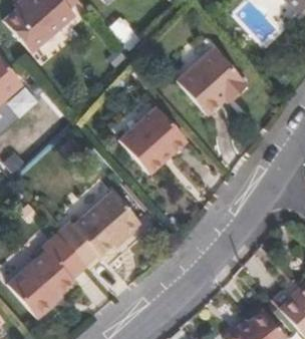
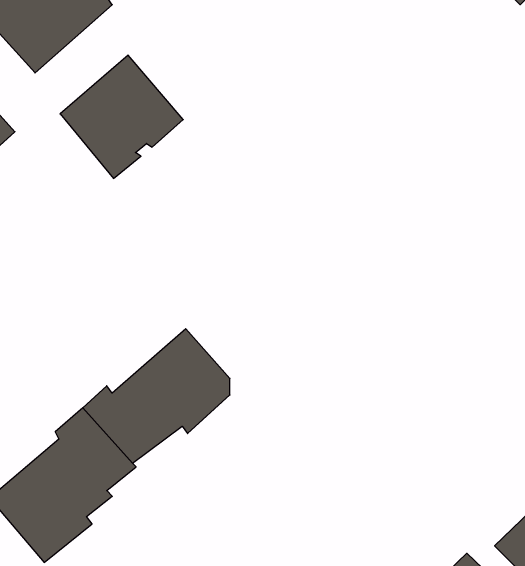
building: [176,49,244,112] -> none
building: [118,105,186,173] -> [60,55,183,178]

